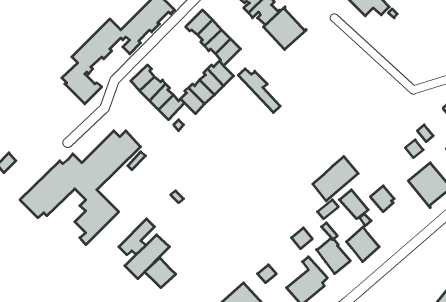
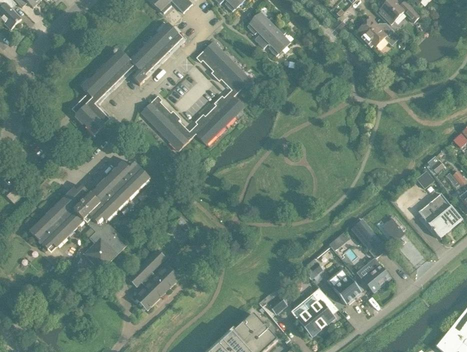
building: [263,7,306,50] -> none
building: [238,69,280,113] -> none
building: [313,156,358,201] -> none
building: [145,258,176,288] -> none

